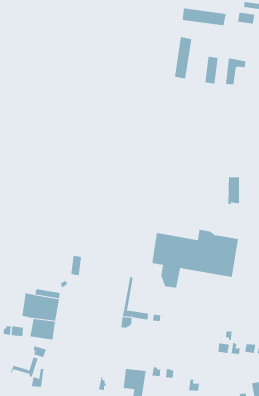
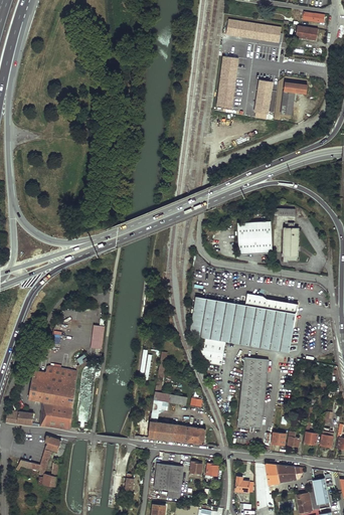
building: none -> [238,220,273,253]
building: none -> [237,356,269,427]
building: none -> [148,421,206,445]
building: none -> [267,463,304,483]

